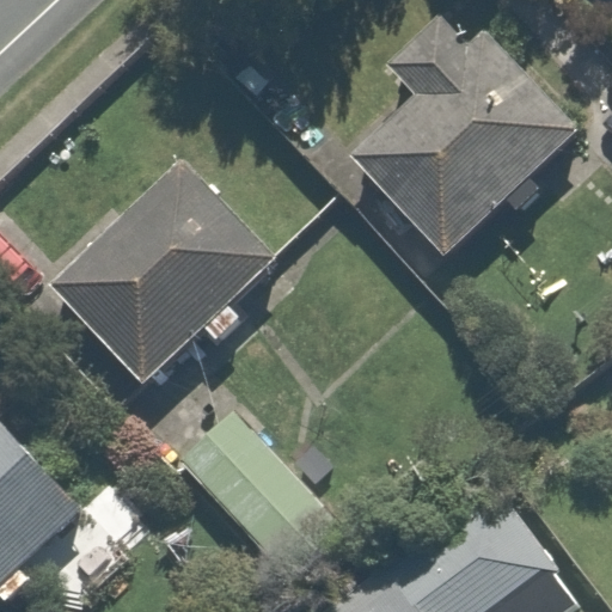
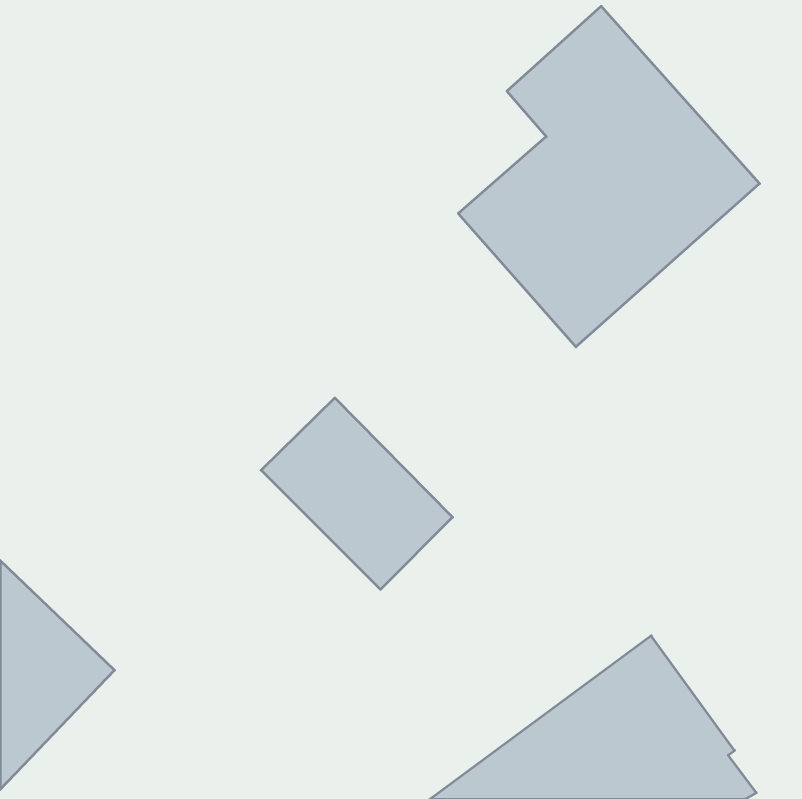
building: [51,165,268,381] -> none
building: [177,408,323,553] -> [261,398,453,589]

